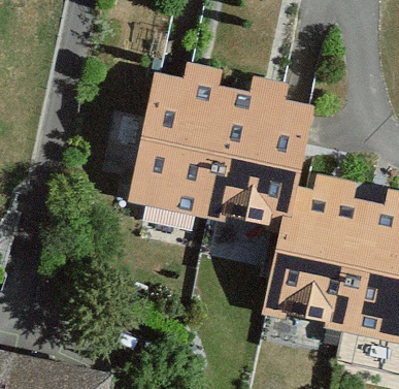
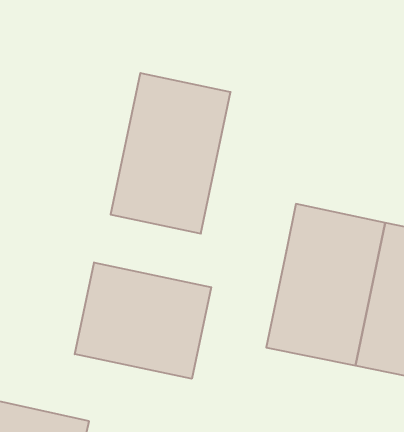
building: [207,89,307,226] -> none
building: none -> [75,262,211,379]

